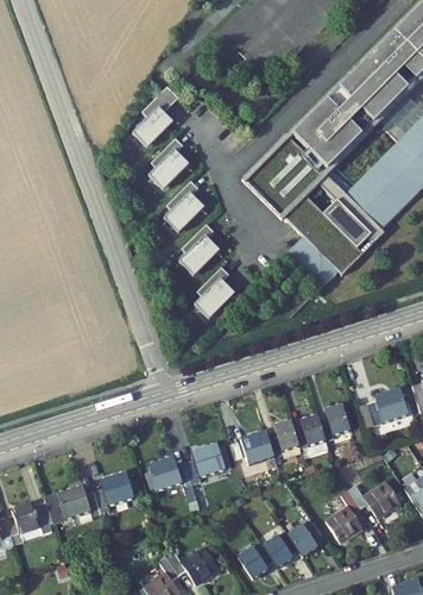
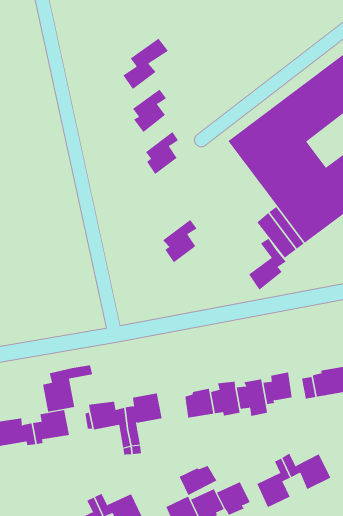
building: [183,220,217,267] -> none
building: none -> [248,238,287,291]
building: none -> [43,365,93,413]
building: none -> [179,465,217,496]

